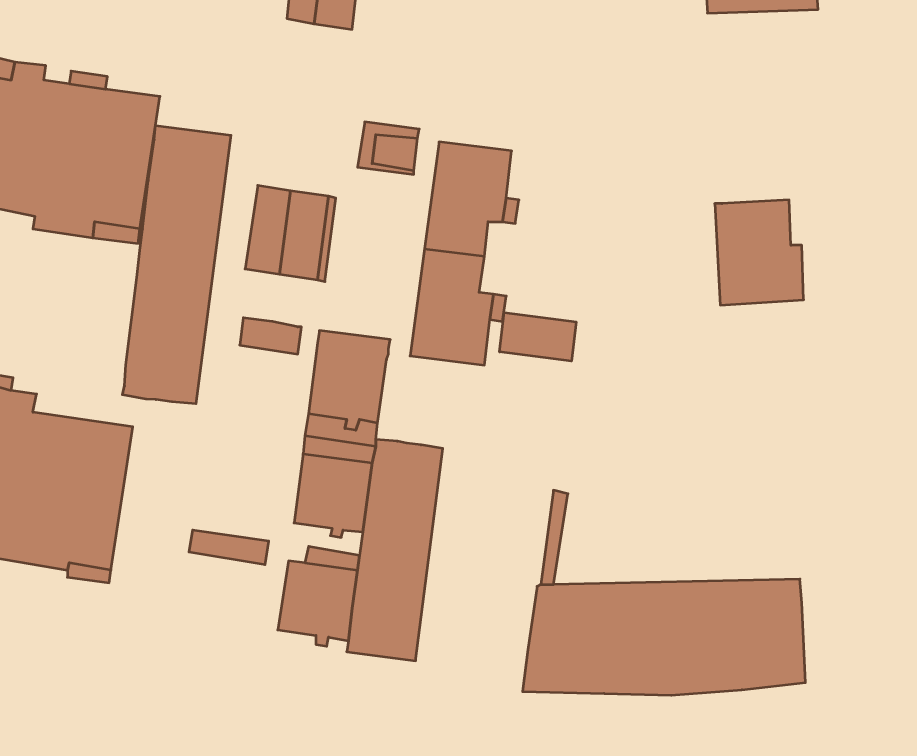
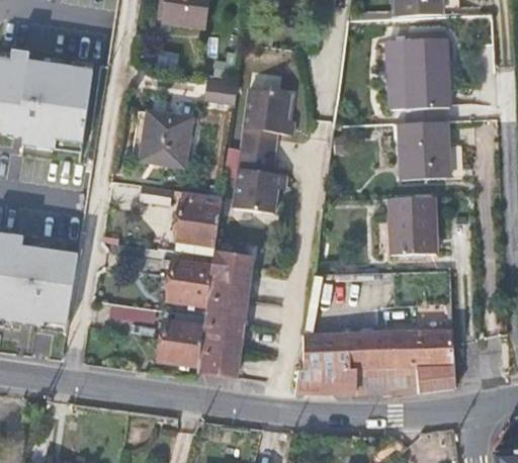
building: none -> [388,40,451,122]
building: [122,126,231,404] -> none
building: [500,313,576,361] -> none
building: none -> [391,197,436,254]

